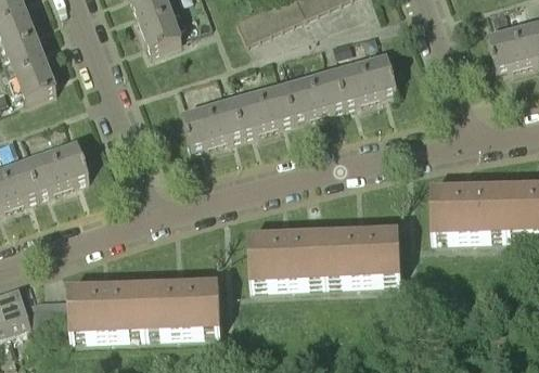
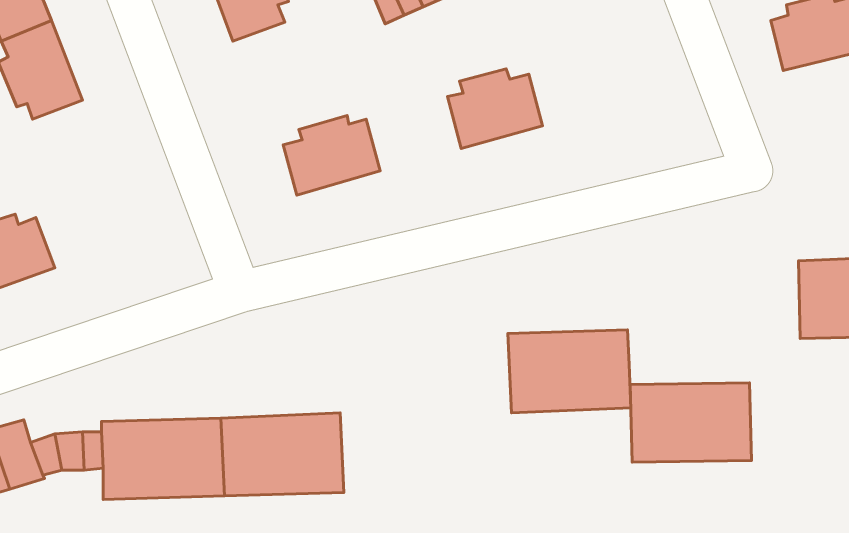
building: [336,54,397,104] -> none
building: [234,82,294,132] -> none
building: [27,142,89,193] -> none
building: [431,189,506,239] -> [630,383,751,462]
building: [248,234,325,287] -> none

